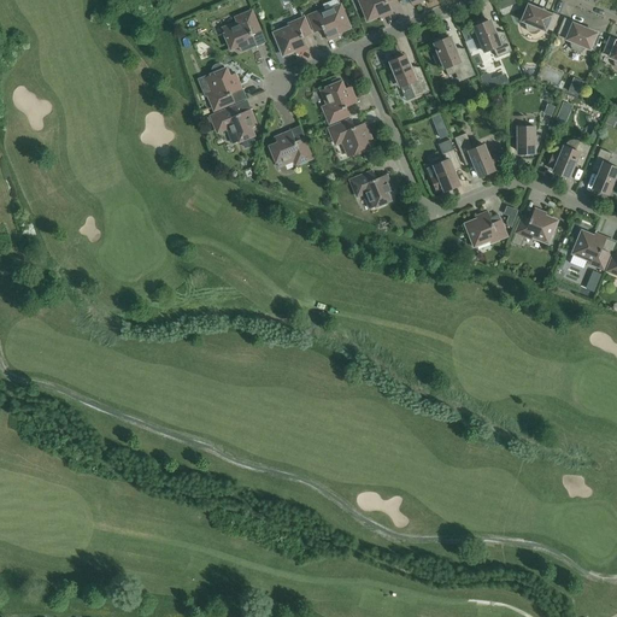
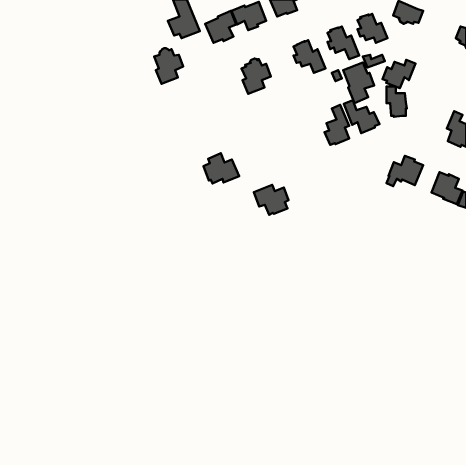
building: [557,16,599,49] -> none
building: none -> [343,62,374,103]
building: [208,104,258,146] -> none
building: [327,117,374,157] -> none
building: [268,128,315,168] -> [203,153,239,183]
building: [547,140,590,177] -> [383,60,415,88]
building: [348,169,394,208] -> [254,185,288,215]
building: [463,210,509,248] -> none

